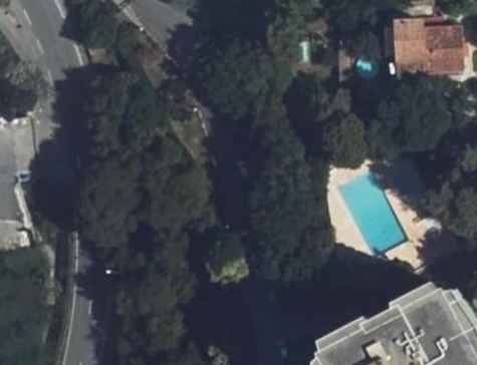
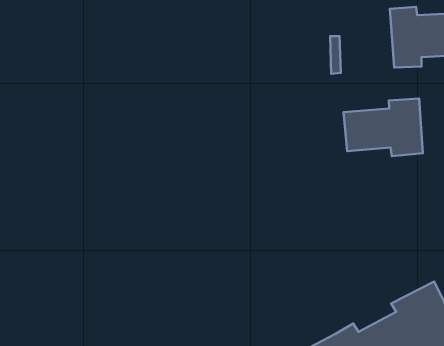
building: none -> [343,99,423,156]

